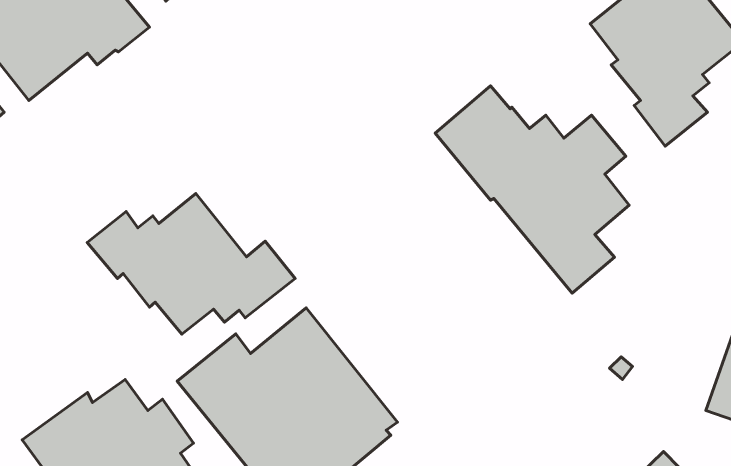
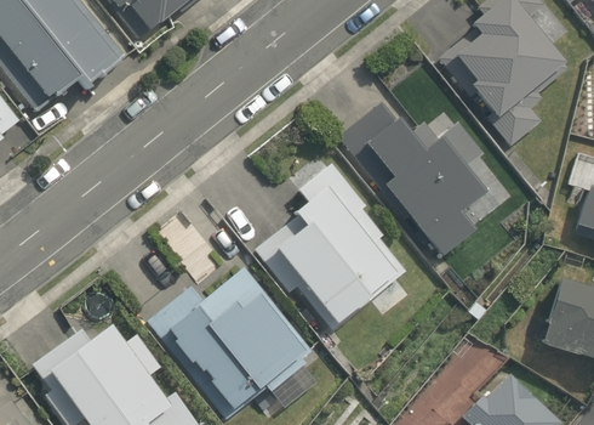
building: none -> [255,163,404,329]
building: [87,193,295,334] -> none

